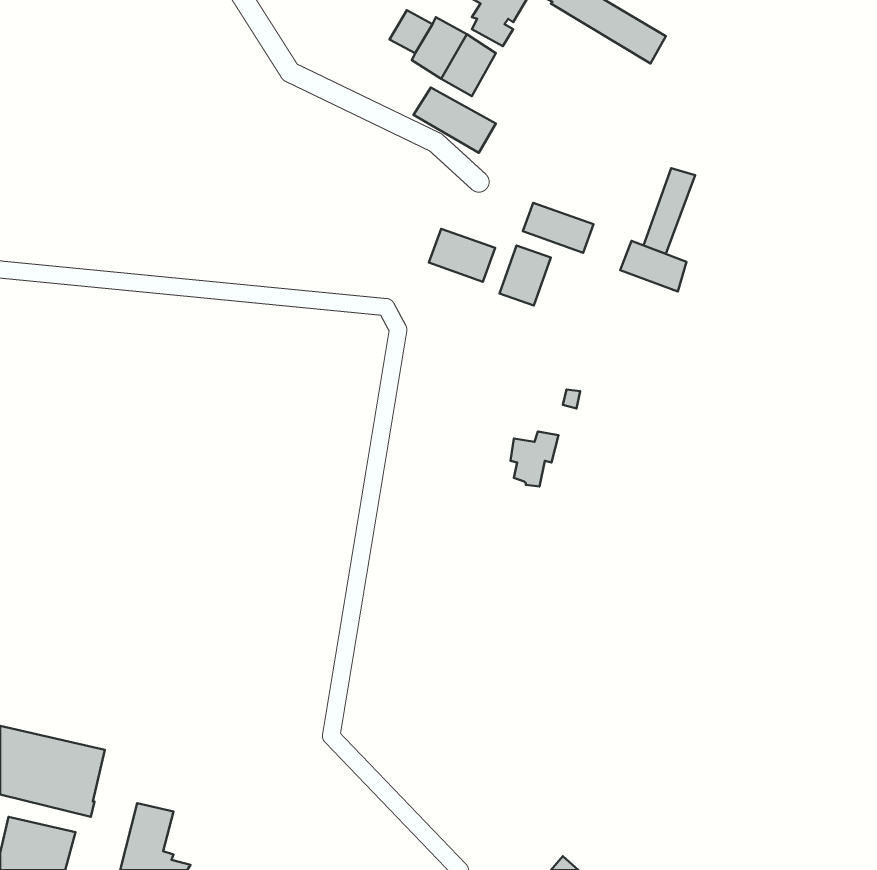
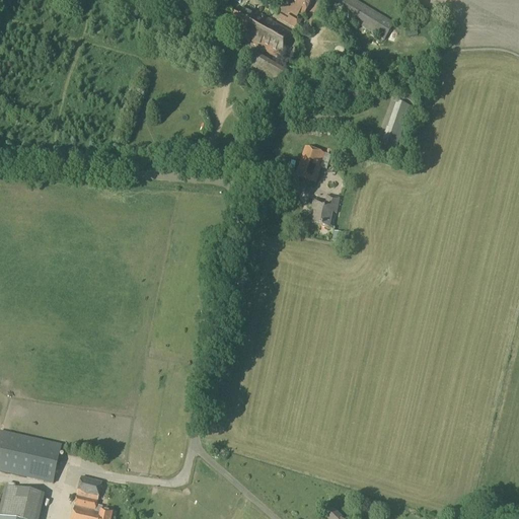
building: [523,203,594,253] -> none
building: [429,229,495,282] -> none
building: [620,241,686,291] -> none
building: [510,432,558,487] -> [311,194,340,226]

